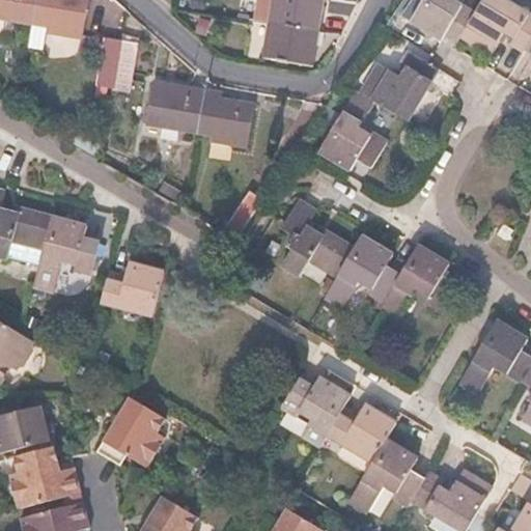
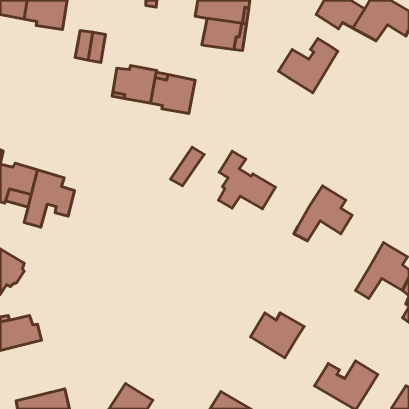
building: [317,89,384,171] -> none
building: [325,231,400,305] -> none
building: [101,264,165,318] -> none
building: [284,376,350,447] -> none
building: [99,399,167,469] -> none
building: [347,438,422,511] -> none
building: [10,447,82,509] -> none

